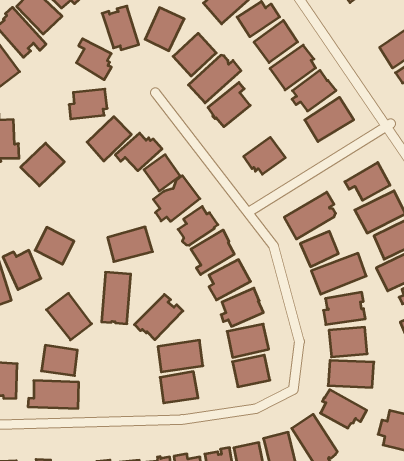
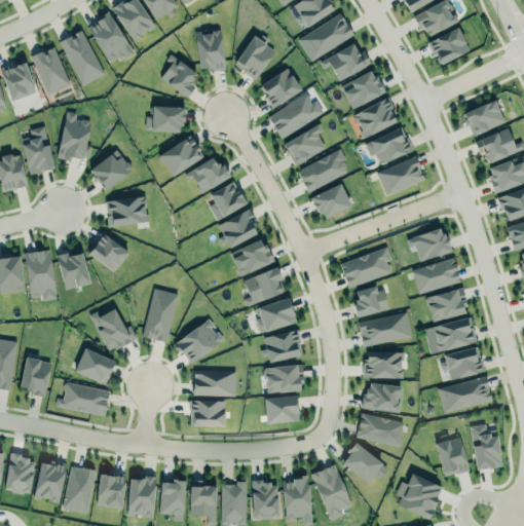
building: none -> [301,148,348,192]
building: [108,227,153,262] -> [107,197,149,226]

